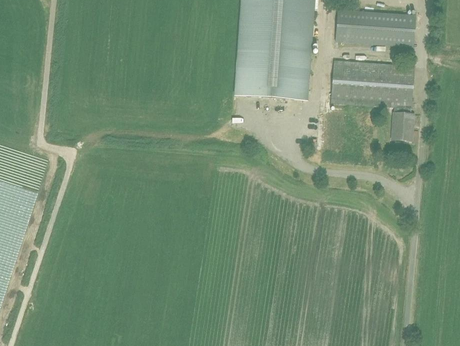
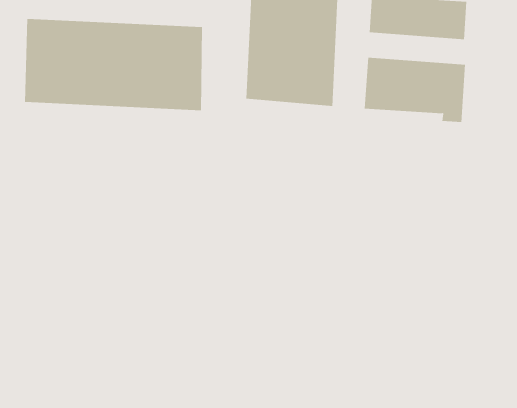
building: none -> [25,18,202,111]
building: [393,112,415,140] -> none

